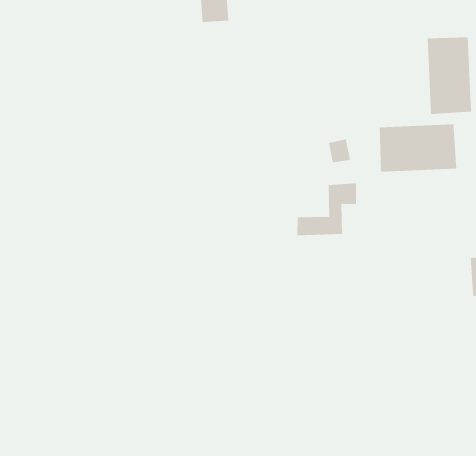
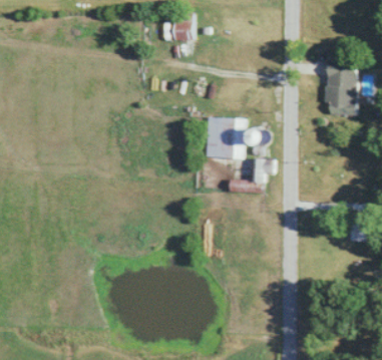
building: [379,123,457,173] -> none
building: none -> [203,117,243,158]

